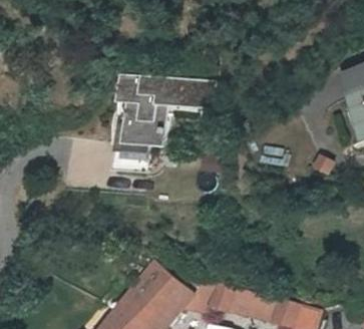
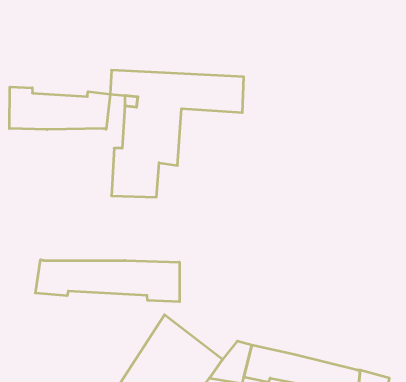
building: none -> [9,87,110,130]
building: none -> [35,260,180,302]

